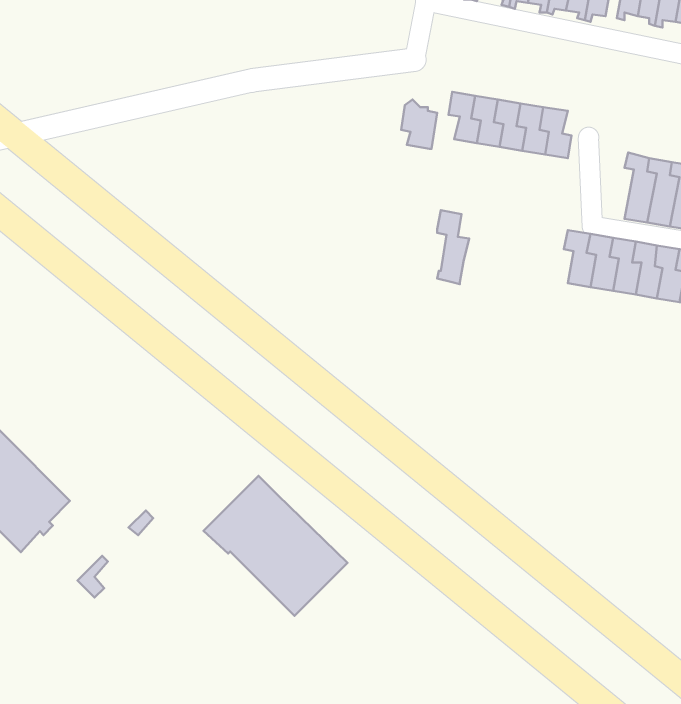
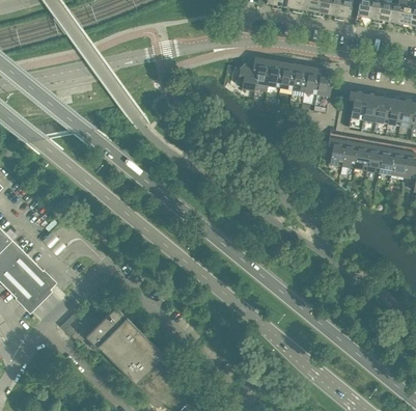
building: none -> [349,90,366,129]
building: [437,210,469,284] -> [253,57,271,98]
building: [204,476,347,616] -> [86,306,165,383]

